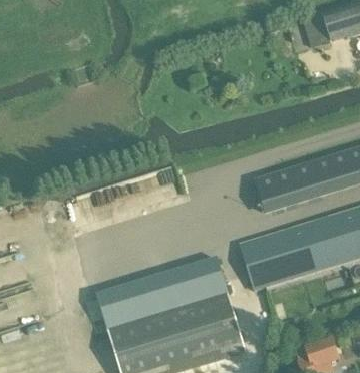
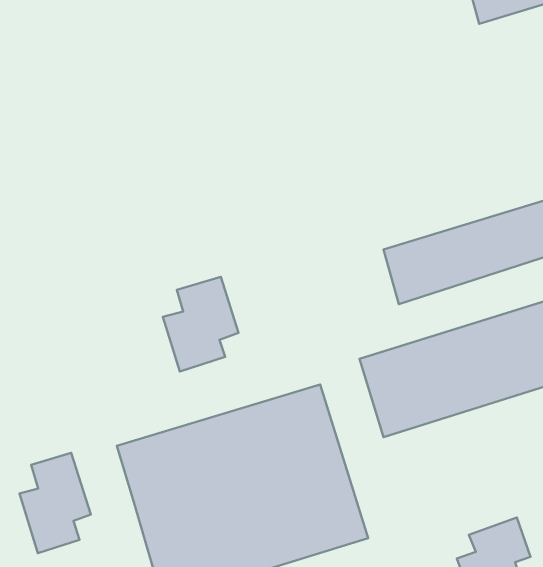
building: none -> [163,277,239,371]
building: none -> [19,453,91,553]

